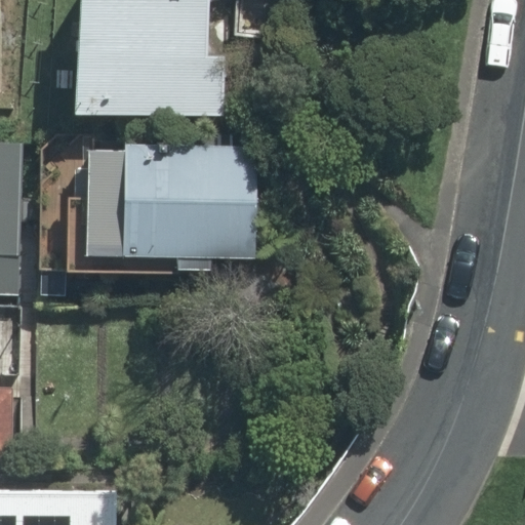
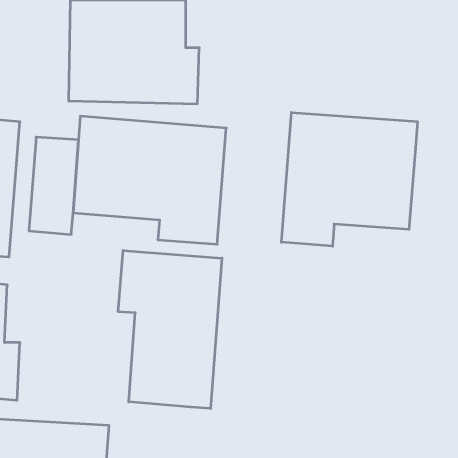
building: none -> [281,112,417,246]
building: none -> [118,250,222,409]

